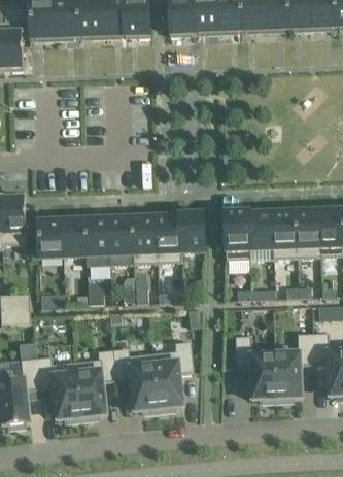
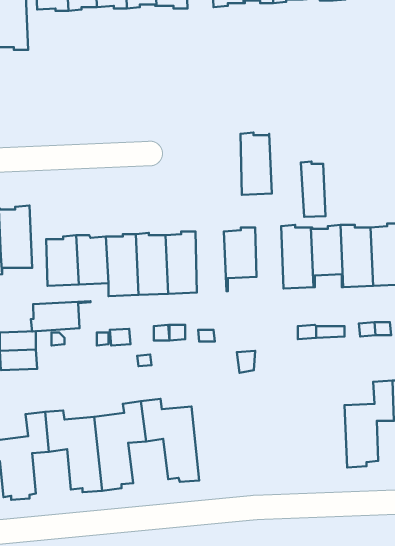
building: none -> [301,162,325,217]
building: [156,213,180,263] -> [241,133,272,195]
building: none -> [31,301,91,331]
building: [235,336,276,402] -> none
building: [152,341,194,412] -> none

